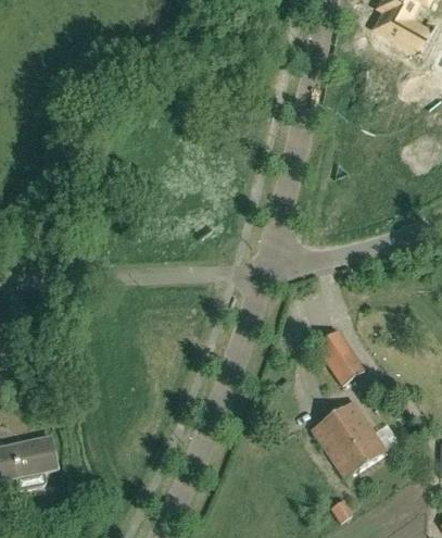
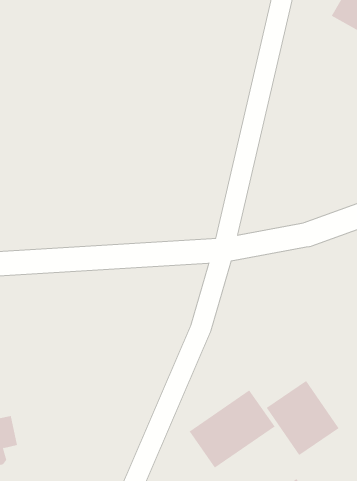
building: [315,329,364,384] -> none
building: none -> [189,389,275,469]

